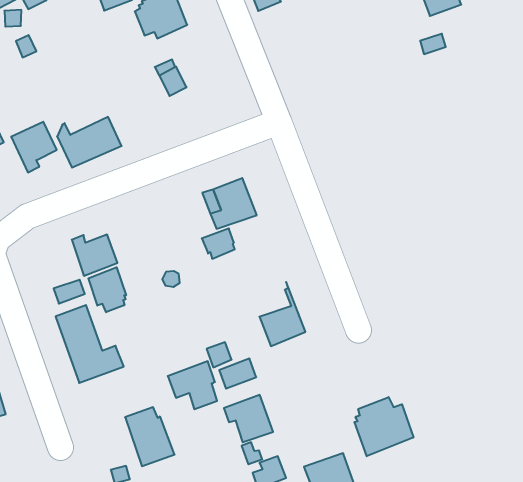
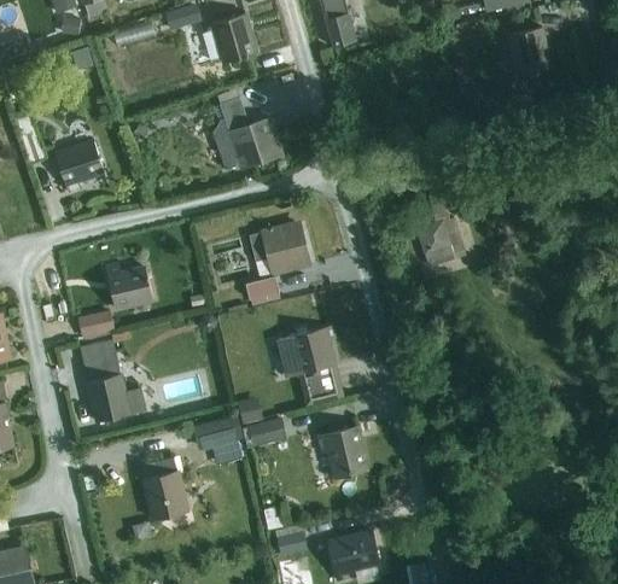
building: [57,117,122,168] -> [212,119,280,169]
building: none -> [416,192,466,267]
building: [88,267,126,312] -> none
building: none -> [275,327,334,376]
building: [224,395,273,442] -> [316,428,366,477]
building: [354,397,413,456] -> none

